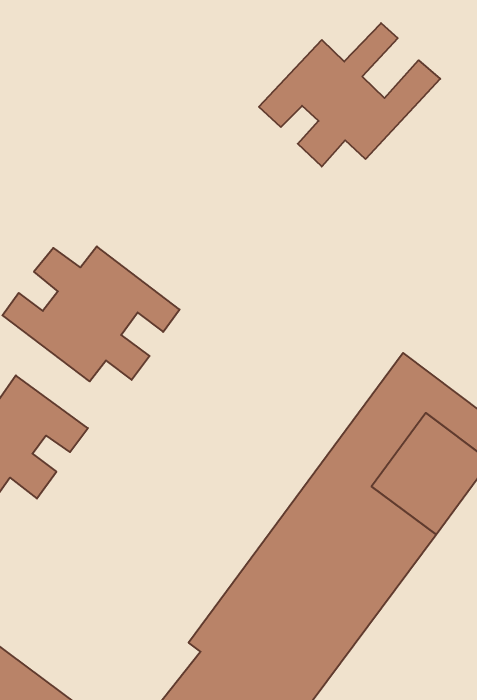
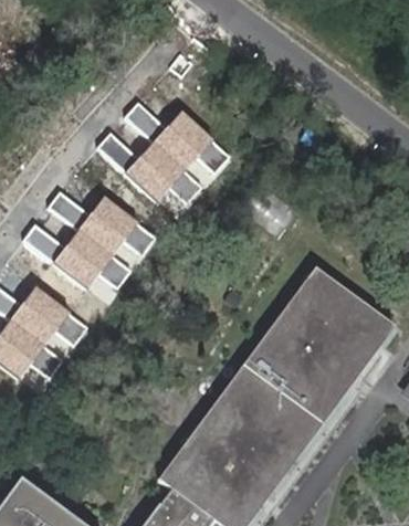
building: [259,23,440,167] -> none
building: none -> [96,103,228,203]

